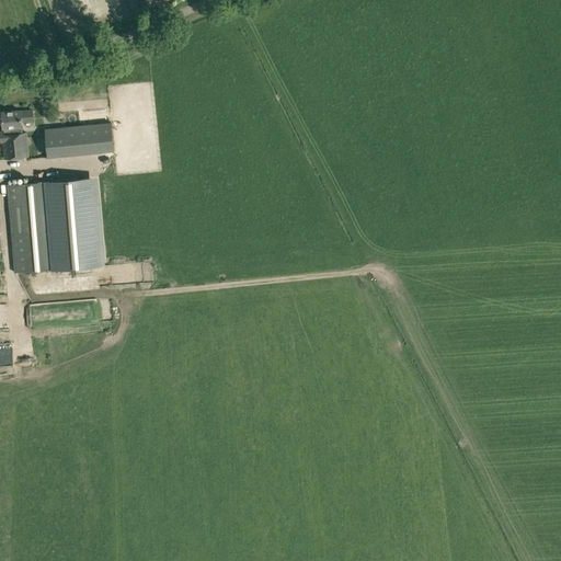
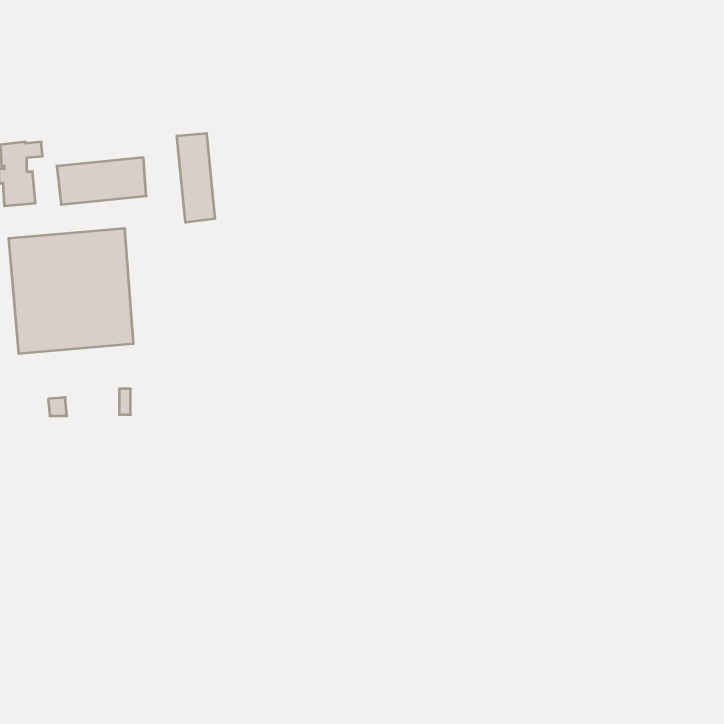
building: none -> [177,133,215,223]

